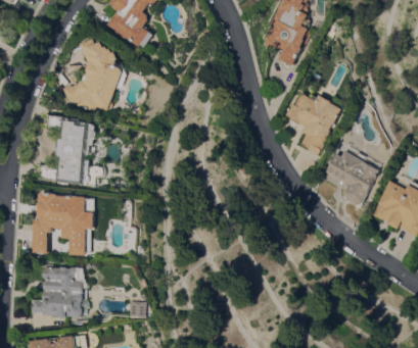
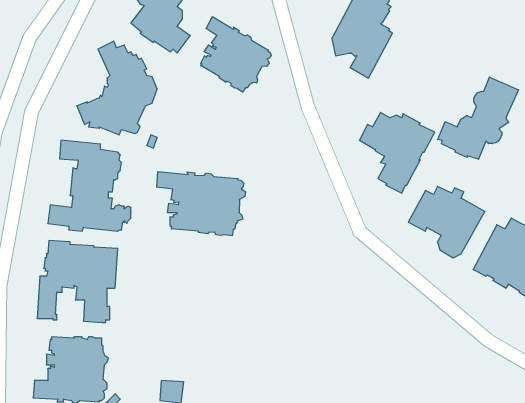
building: none -> [201,17,271,92]
building: none -> [438,77,518,159]
building: none -> [157,172,246,236]

